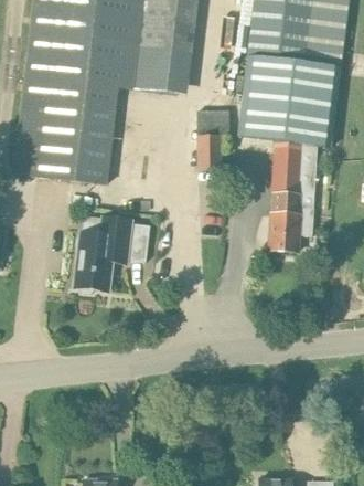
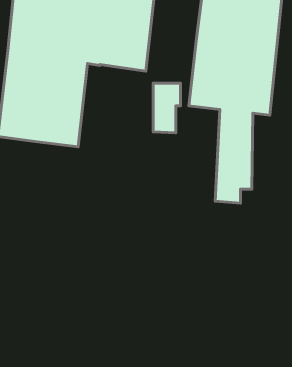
building: [74,216,150,292] -> none

